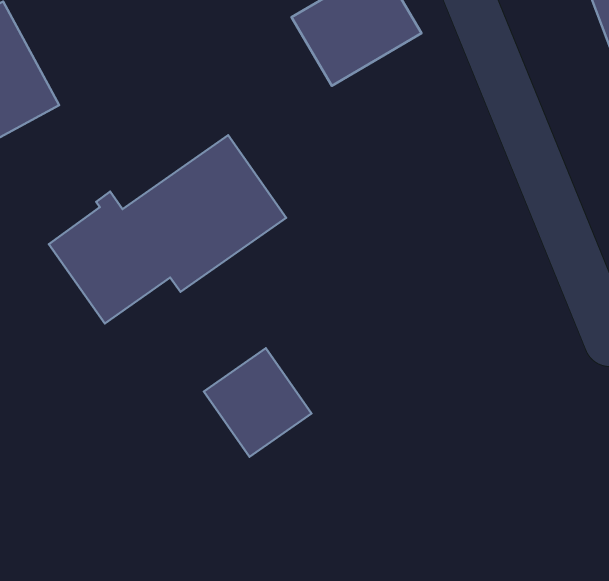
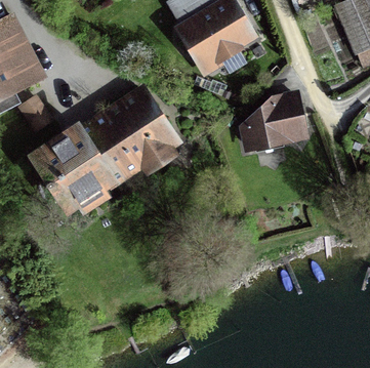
building: none -> [241,96,303,148]
building: [204,348,312,457] -> none

